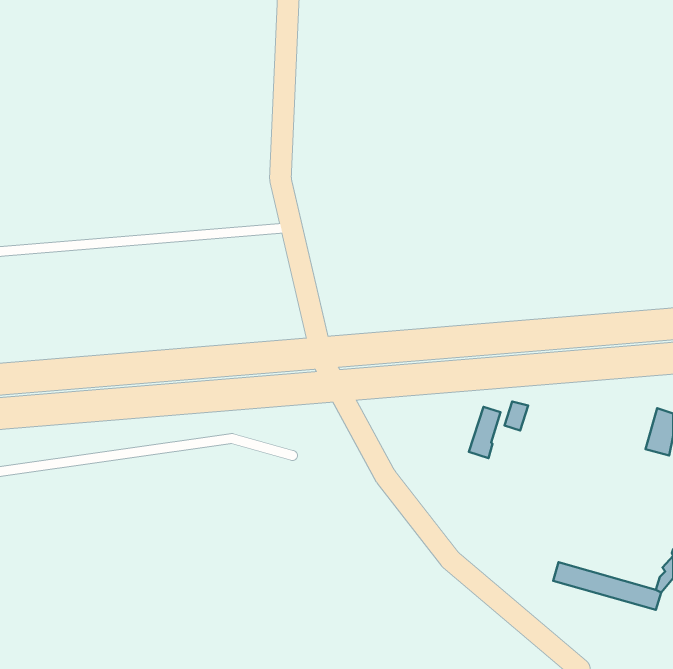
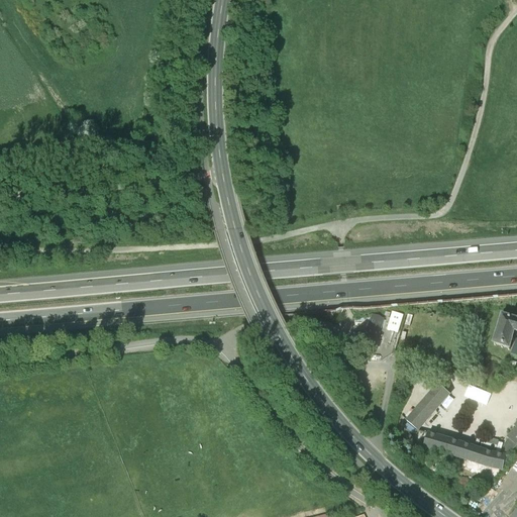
building: none -> [407,382,449,428]

